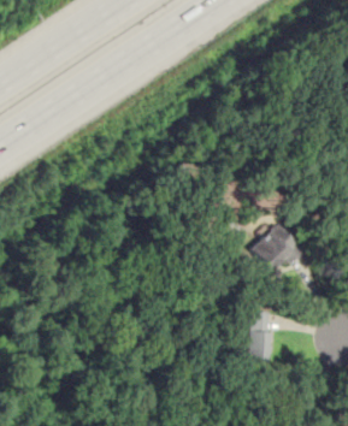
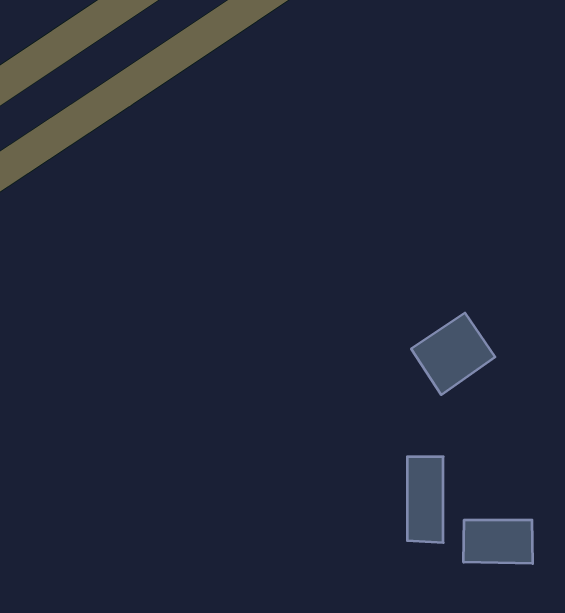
building: none -> [464,520,533,564]

